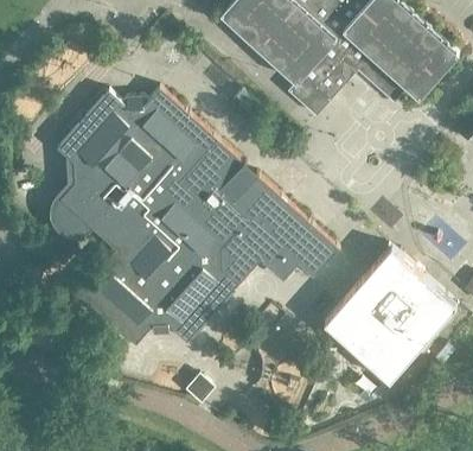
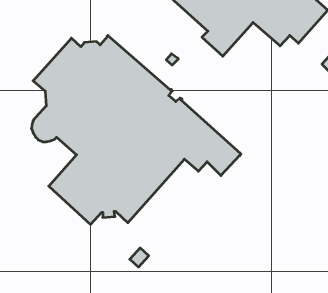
building: [320,256,450,389] -> none

